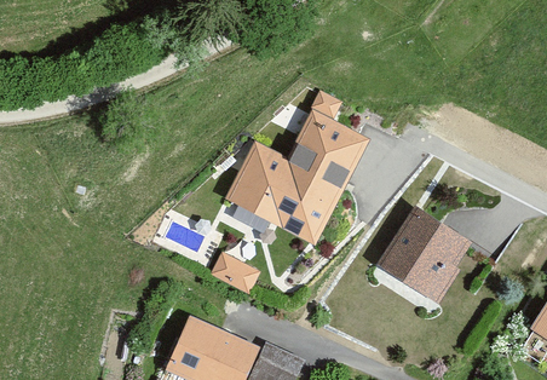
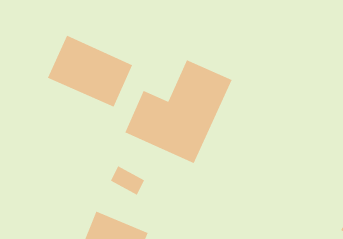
building: none -> [47,35,133,107]
building: [382,207,473,300] -> none

